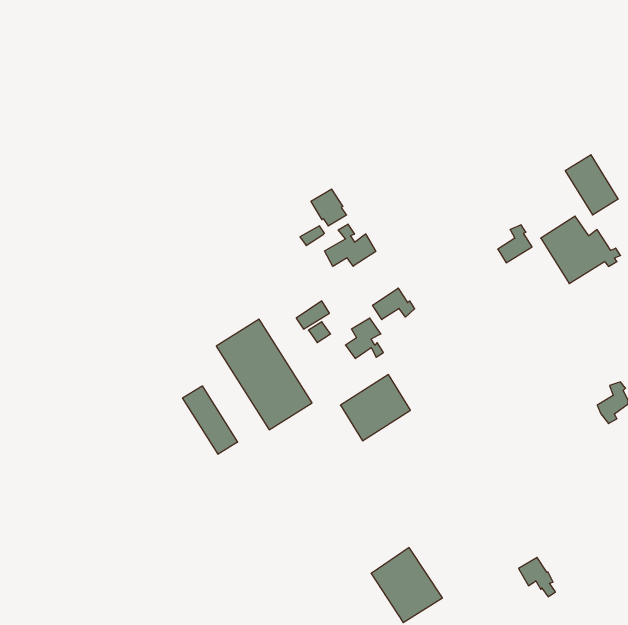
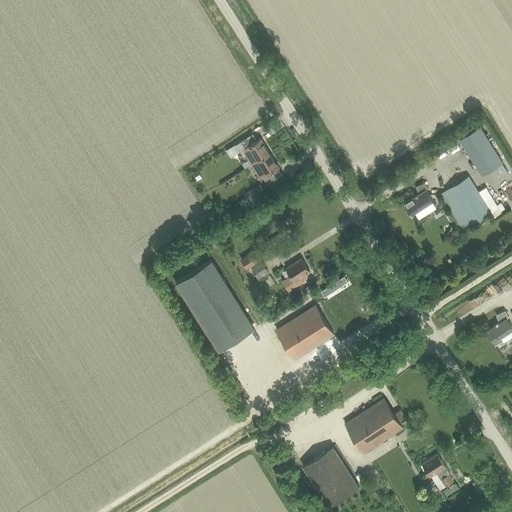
building: none -> [236,136,270,166]
building: [325,224,376,266] -> none
building: [373,288,415,320] -> none
building: [183,386,238,454] -> none
building: none -> [345,400,403,455]

